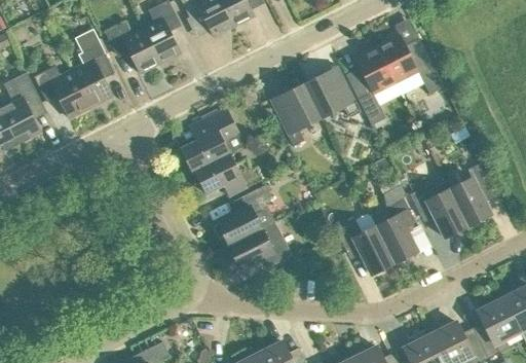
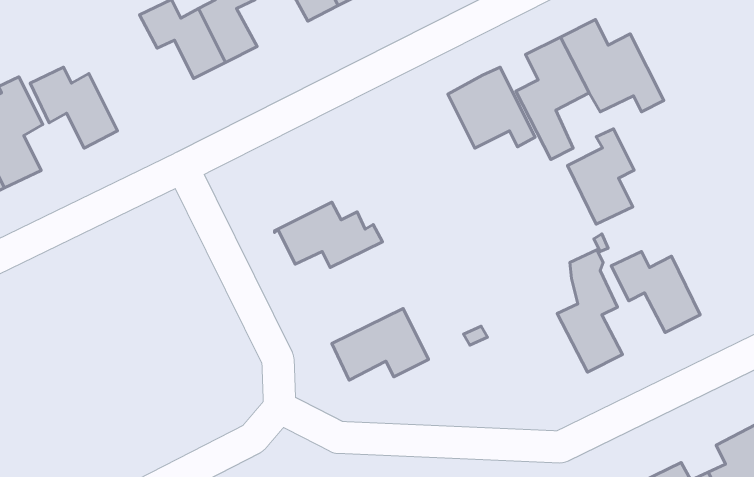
building: [72,29,112,107] -> none
building: [269,83,322,146] -> none
building: [181,108,245,172] -> none
building: [449,165,492,226] -> [568,129,634,224]
building: [214,185,275,245] -> none
building: [335,220,394,275] -> none

